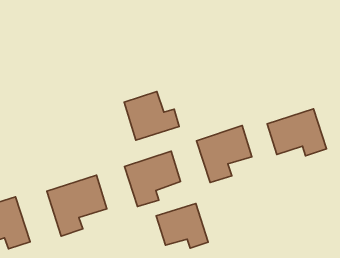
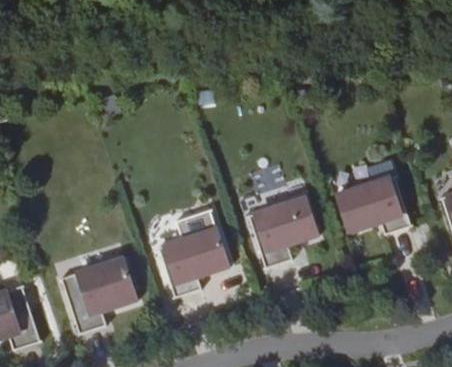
building: [124,91,179,140] -> none
building: [156,204,208,248] -> none

